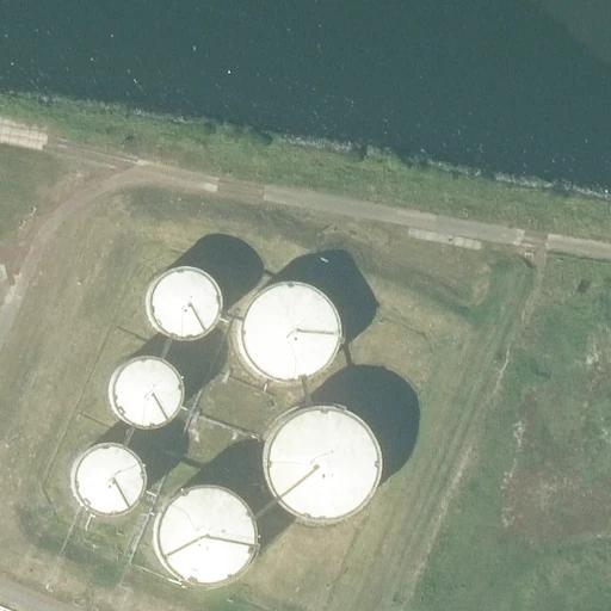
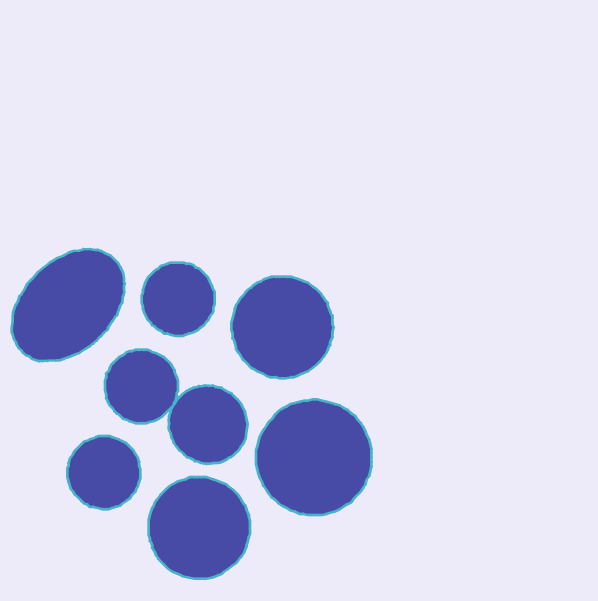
building: none -> [12,249,125,361]
building: none -> [169,385,247,464]

